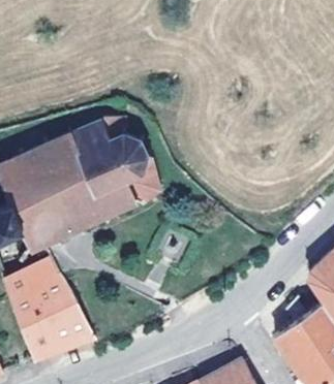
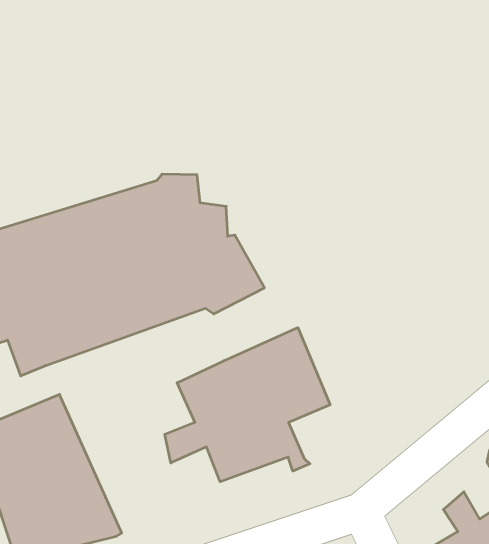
building: none -> [165,328,330,482]

